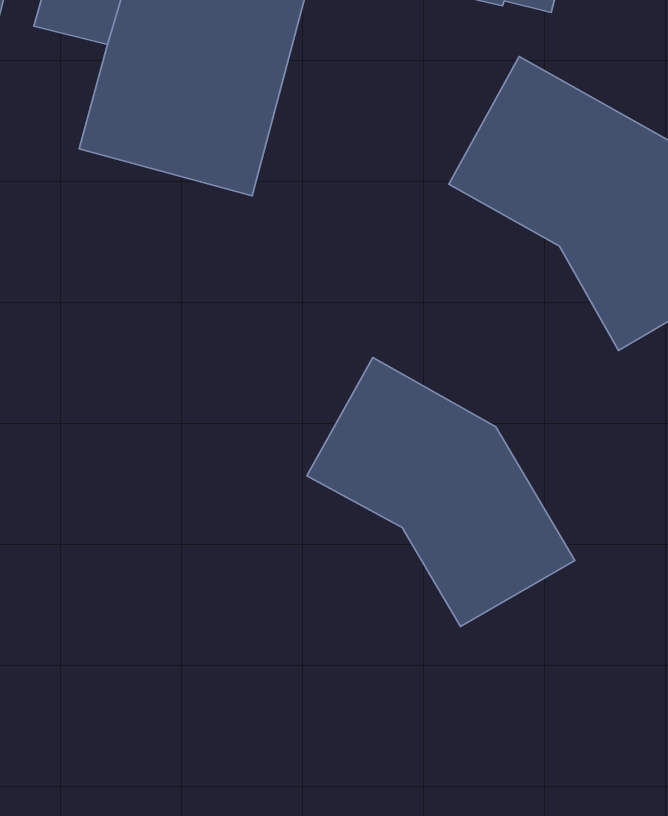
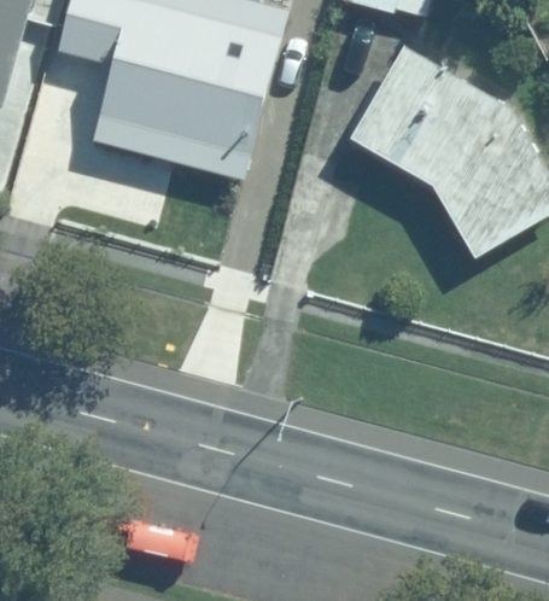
building: [307,358,575,627] -> none

